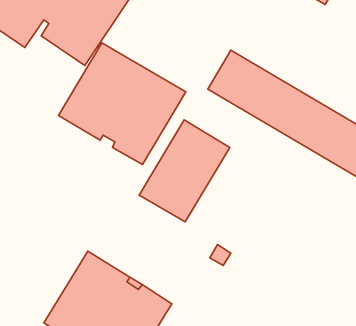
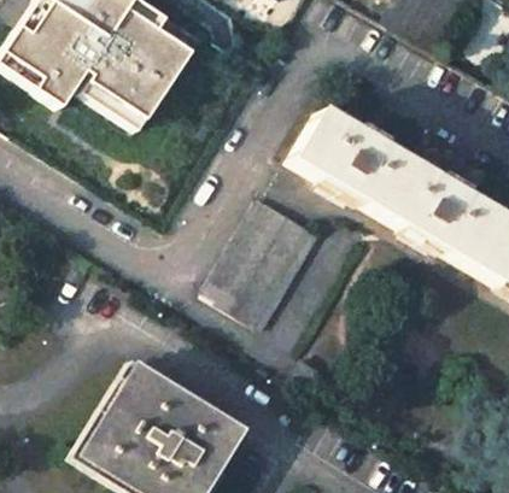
building: [59,43,186,164] -> none

